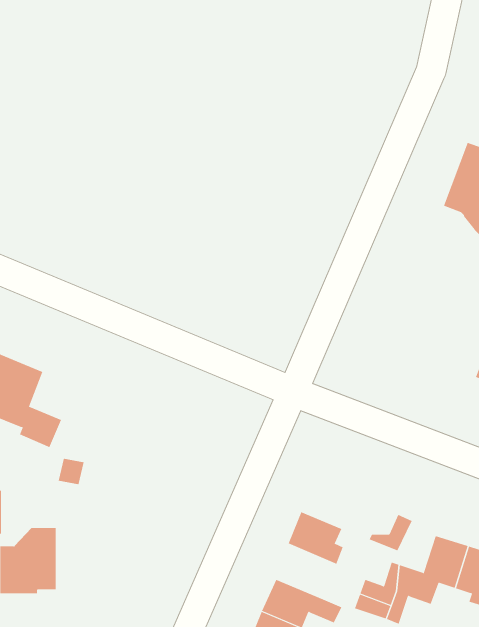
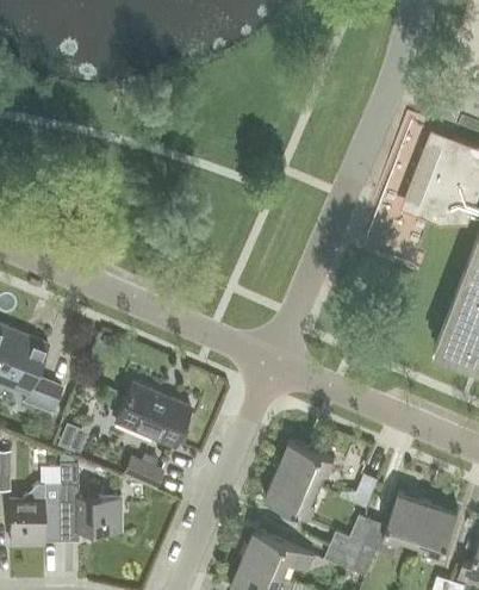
building: none -> [114,383,189,446]
building: none -> [279,442,335,486]
building: none -> [123,457,164,490]
building: none -> [60,462,120,541]

